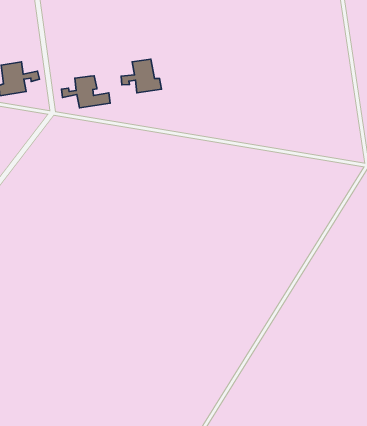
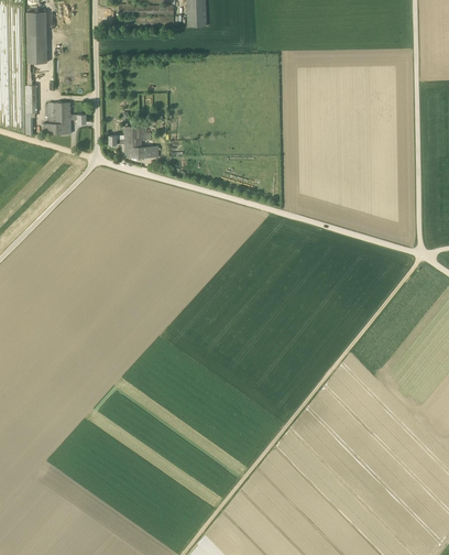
building: [121,59,161,93] -> none

